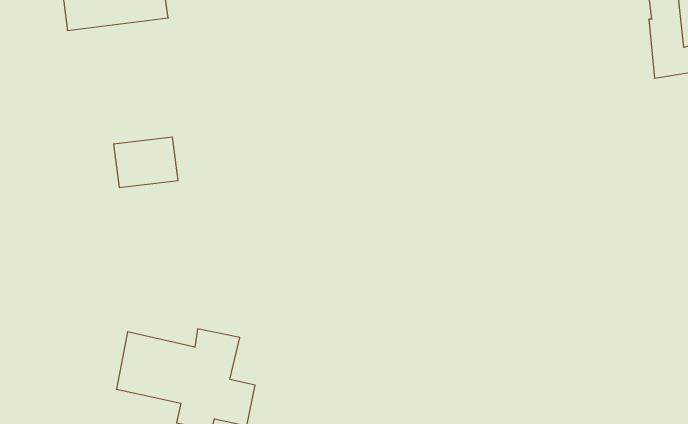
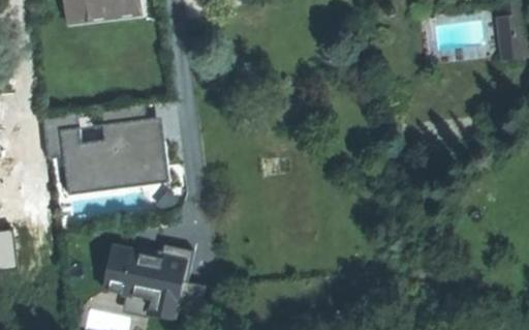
building: none -> [42,112,169,196]

